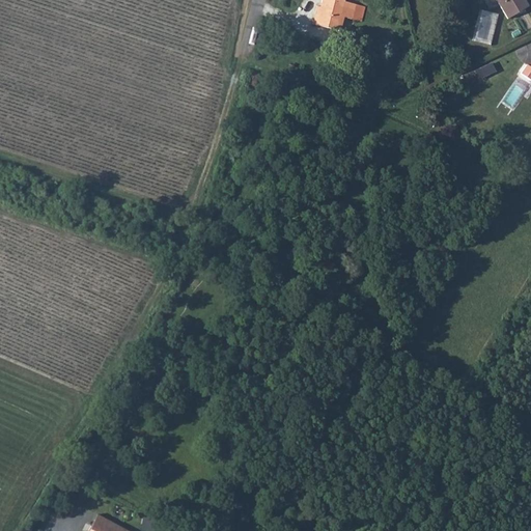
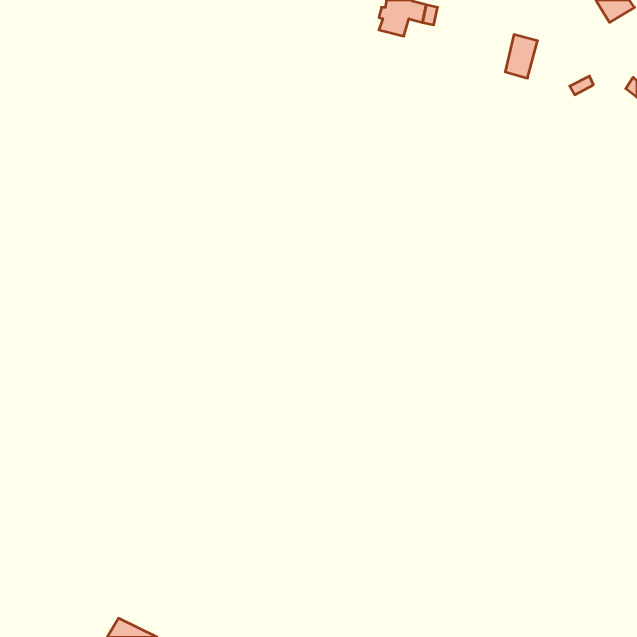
building: [472,9,499,46] -> [505,35,538,78]

